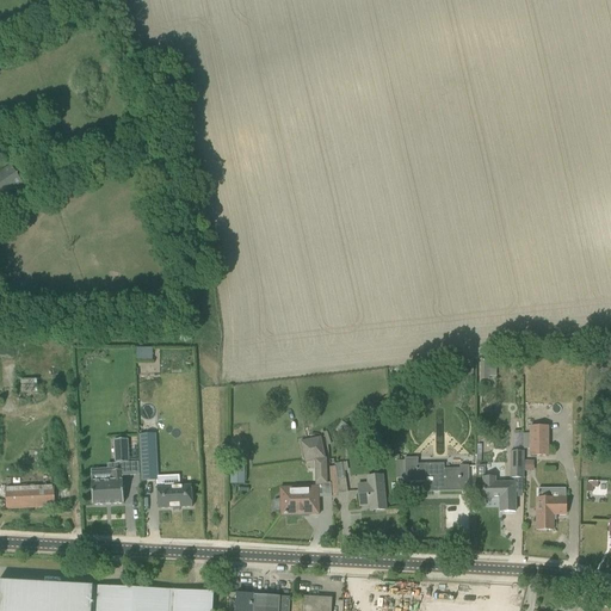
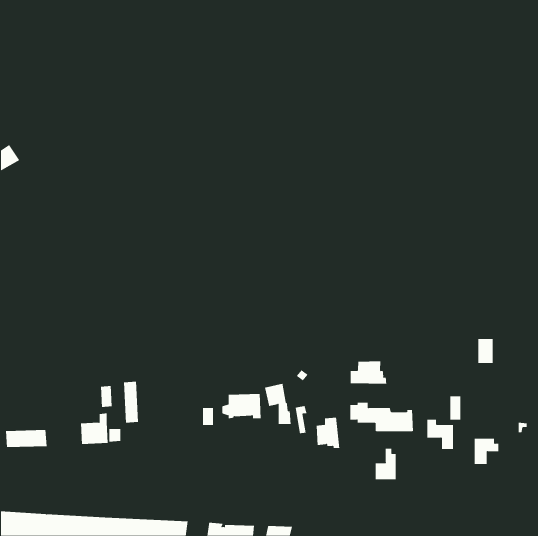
building: none -> [350,360,387,384]
building: [530,425,548,453] -> [478,338,493,364]
building: [156,482,192,506] -> none
building: [273,485,319,514] -> [222,394,262,420]
building: none -> [375,448,396,480]

